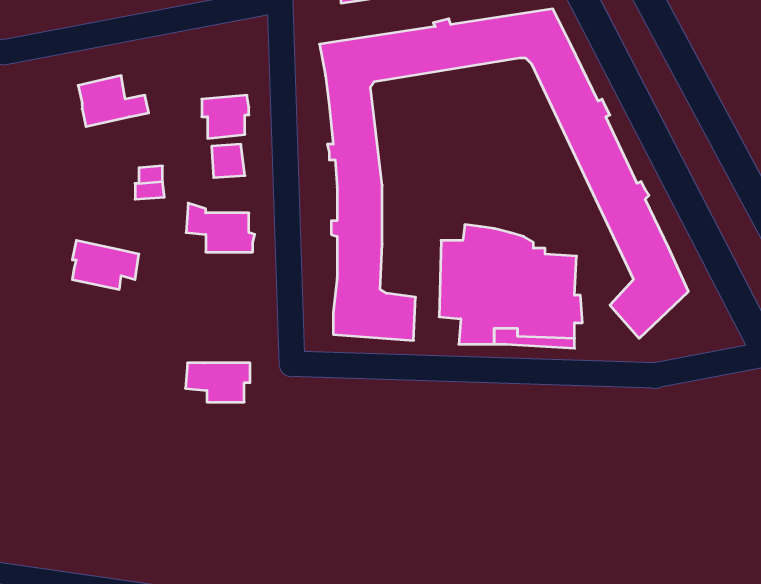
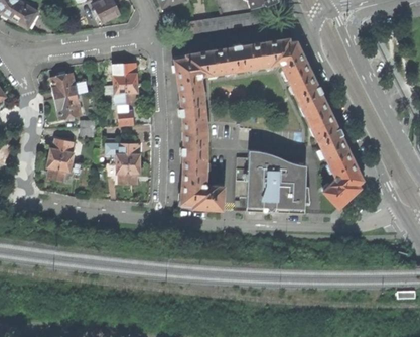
building: none -> [104,62,137,84]
building: none -> [54,93,82,119]
building: none -> [49,137,75,161]
building: [185,363,250,402] -> [107,162,140,183]

